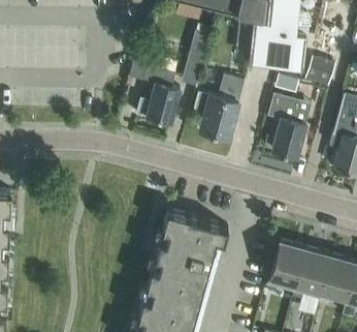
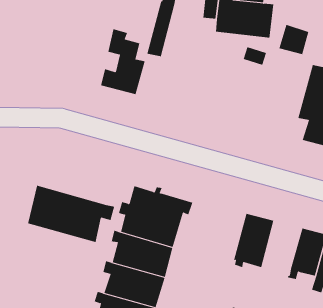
building: [192,74,245,138] -> none
building: [267,92,313,156] -> none
building: none -> [27,185,115,243]
building: [292,245,333,313] -> none

